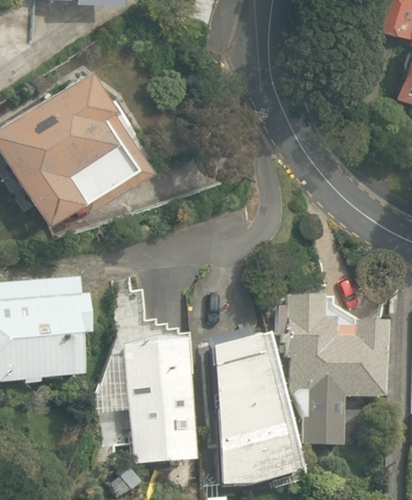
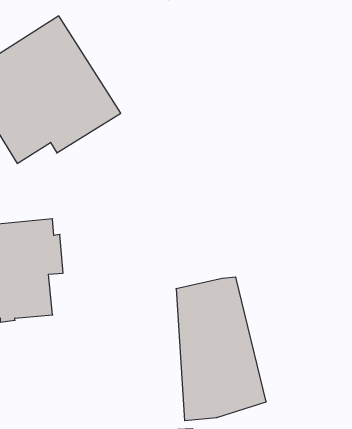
building: [279,295,388,445] -> none
building: [119,341,195,467] -> none

